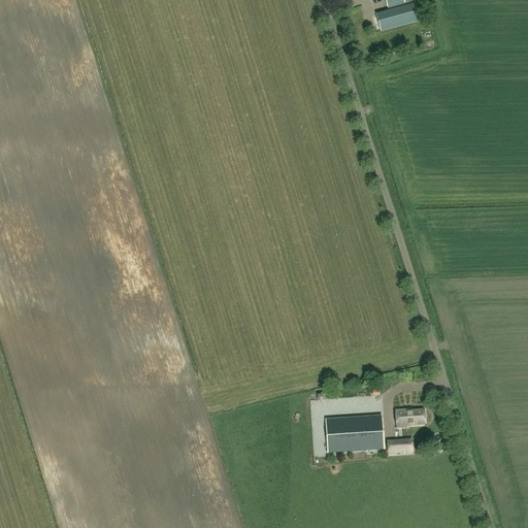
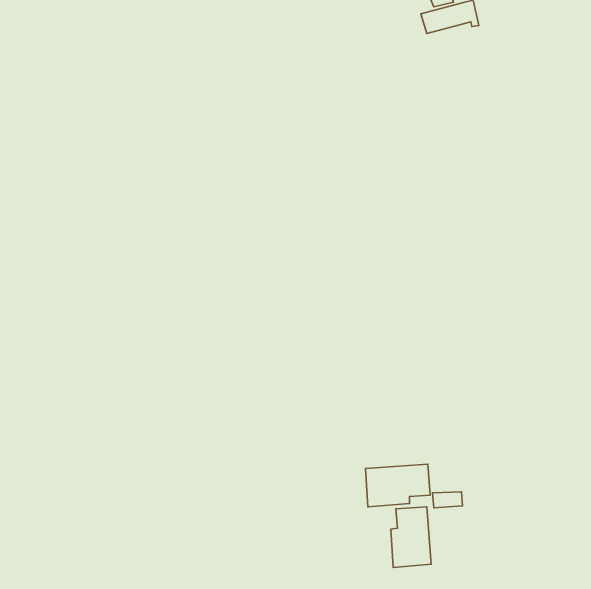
building: [394,407,425,428] -> none
building: none -> [391,507,431,567]

